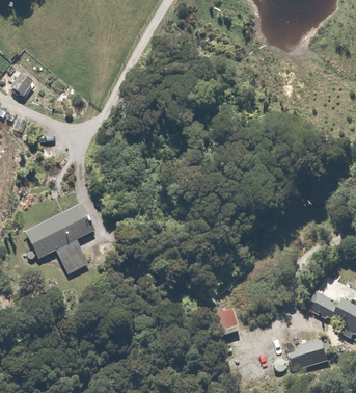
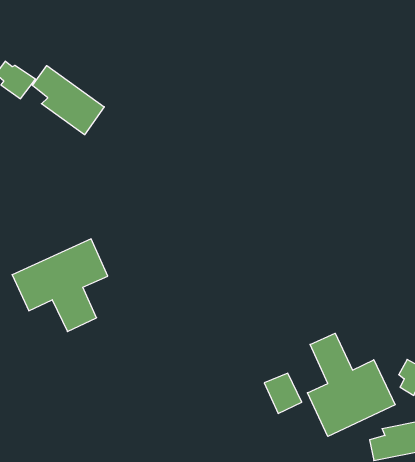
building: none -> [32,66,104,135]
building: none -> [307,333,395,436]

